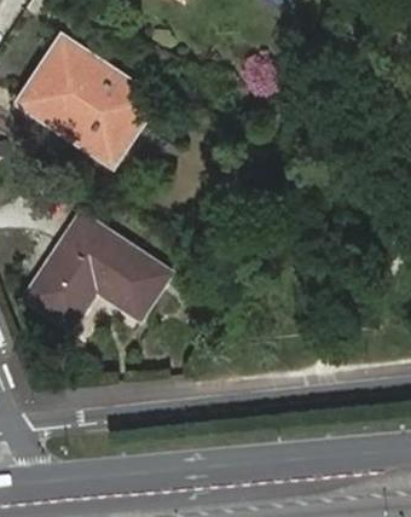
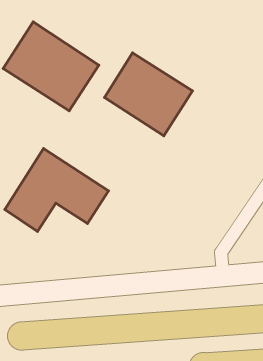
building: none -> [105,53,193,136]

